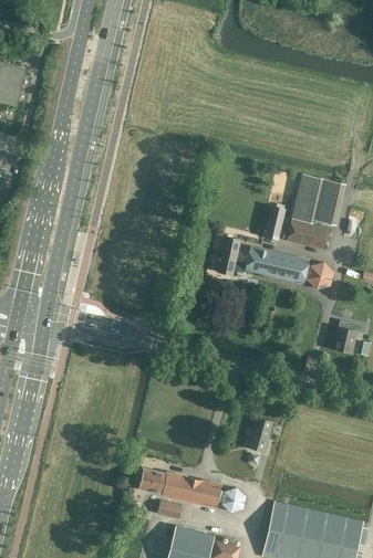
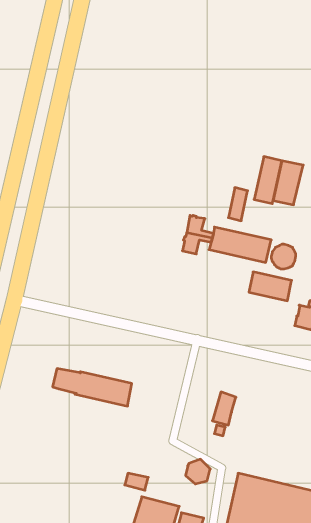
building: [286,219,330,249] -> [249,272,292,301]
building: [138,468,220,507] -> [53,369,132,406]

